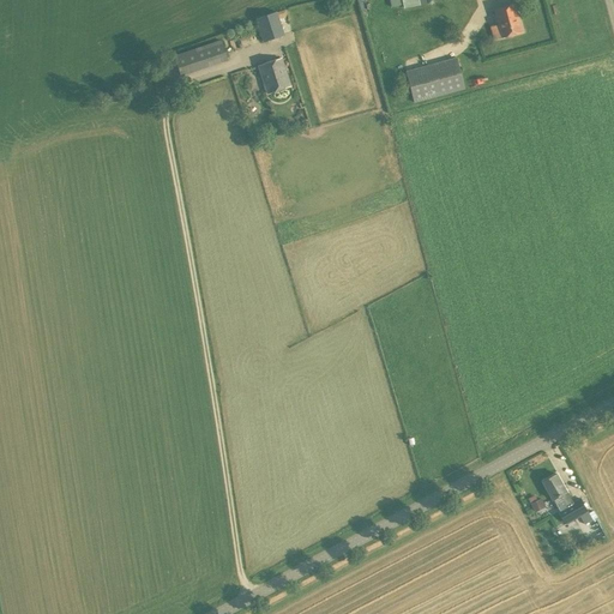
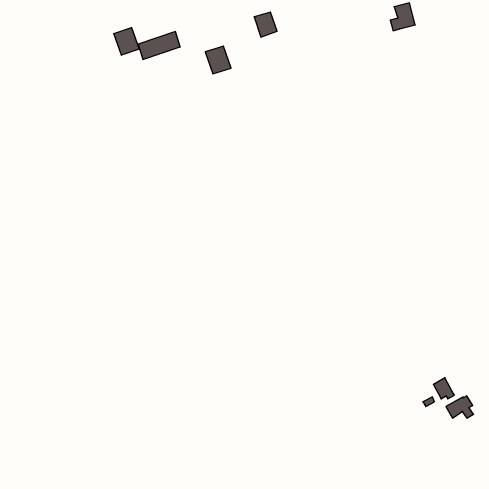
building: [255,11,284,42] -> [254,12,277,37]
building: none -> [114,28,139,55]
building: [404,58,463,101] -> none

